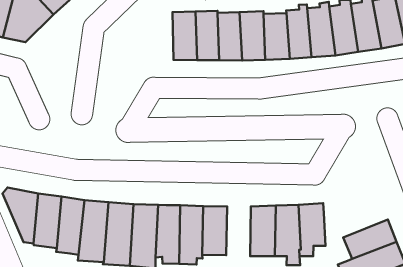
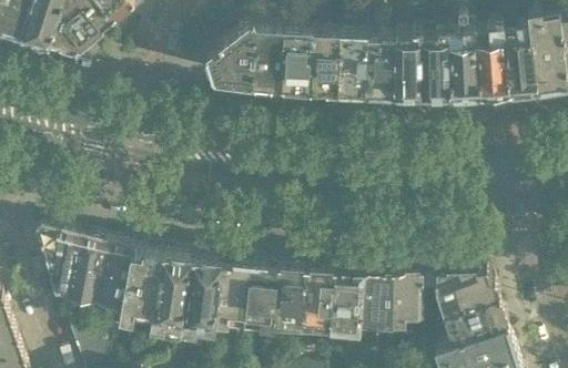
building: none -> [204,27,255,90]
building: none -> [420,274,497,319]
building: none -> [298,272,333,334]

